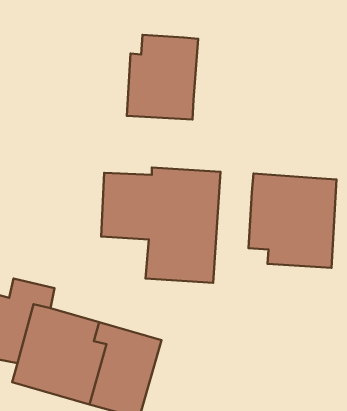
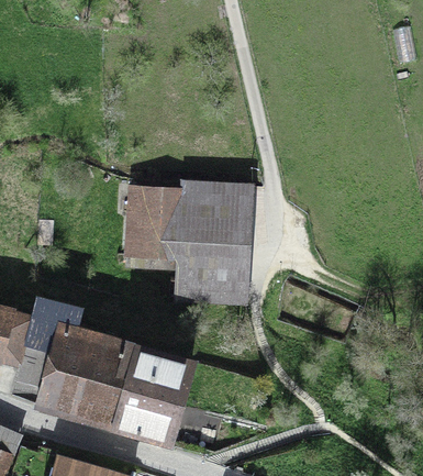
building: [127,35,198,119] -> none
building: [248,173,337,268] -> none

